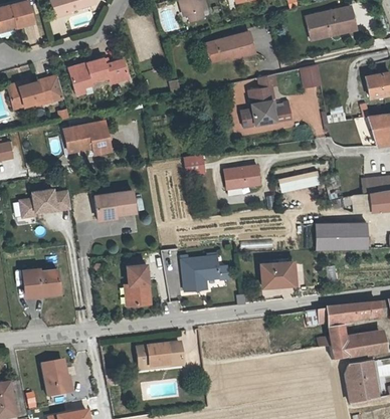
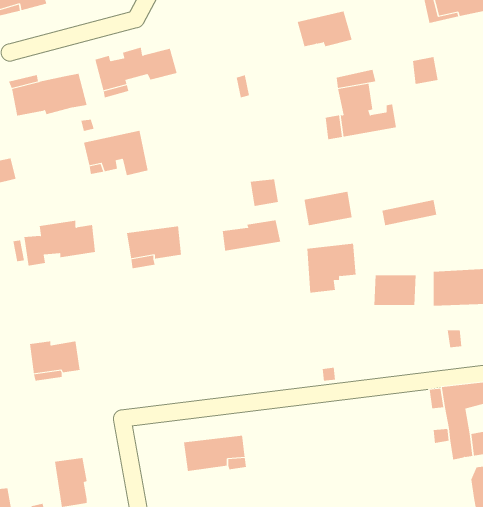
building: none -> [222,220,281,251]
building: [183,258,219,294] -> [307,243,357,293]
building: [263,266,295,288] -> [373,275,416,305]
building: [127,267,151,308] -> none

